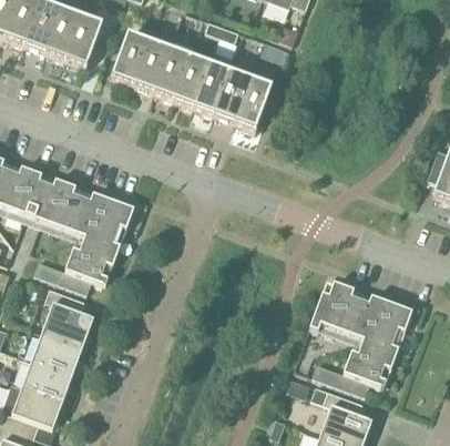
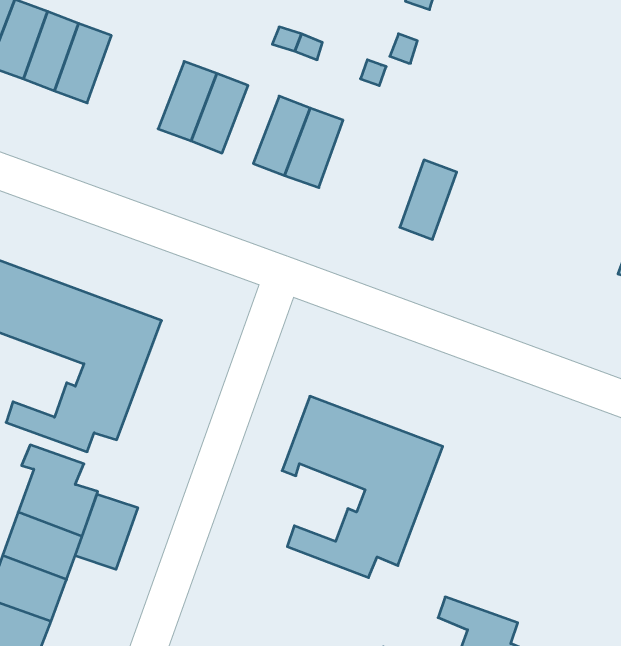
building: [111,33,149,84] -> none
building: [173,57,209,107] -> none
building: [235,79,272,130] -> [400,160,457,239]
building: [309,278,412,395] -> [282,396,443,578]
building: none -> [75,494,138,569]

